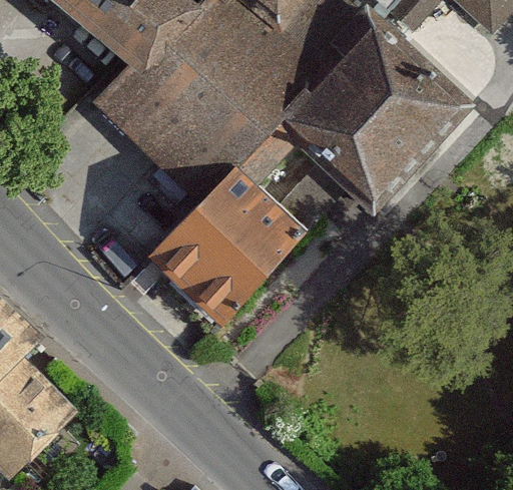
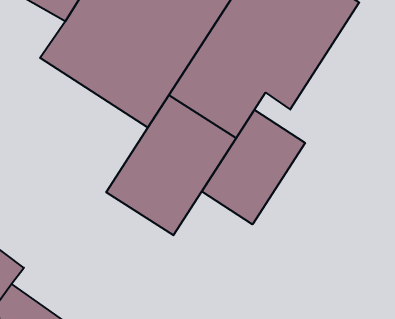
building: none -> [202,110,305,224]

